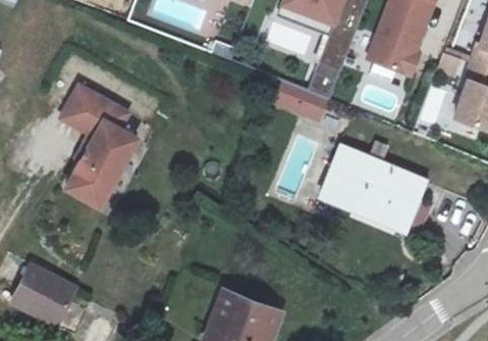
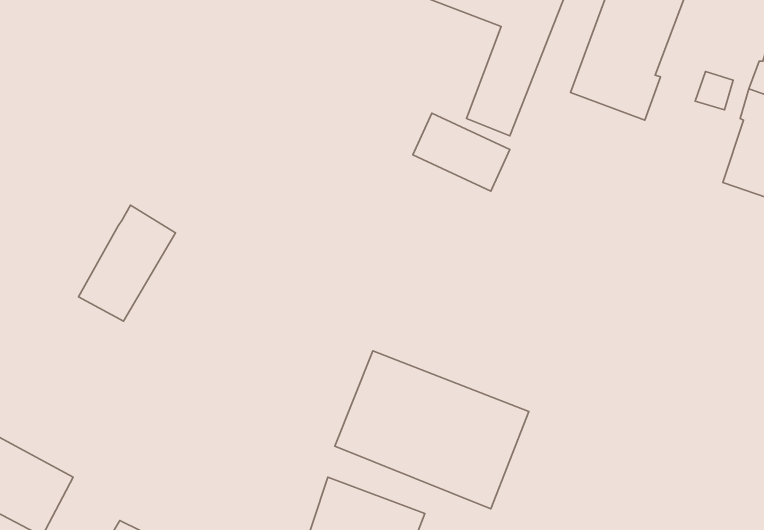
building: [65,85,141,146] -> none
building: [315,141,429,234] -> [335,351,529,509]

